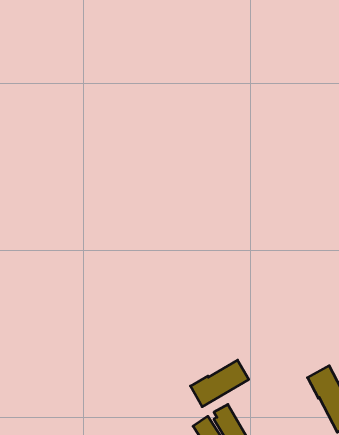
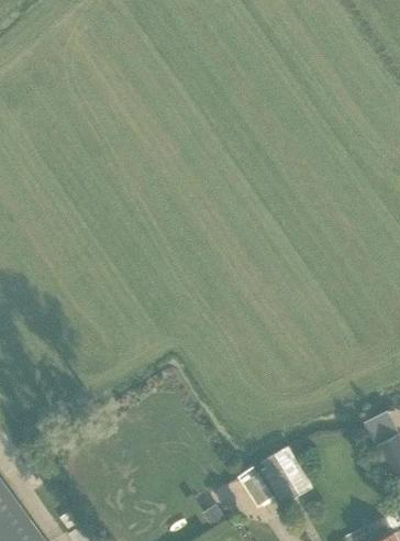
building: [190,360,249,407] -> none

